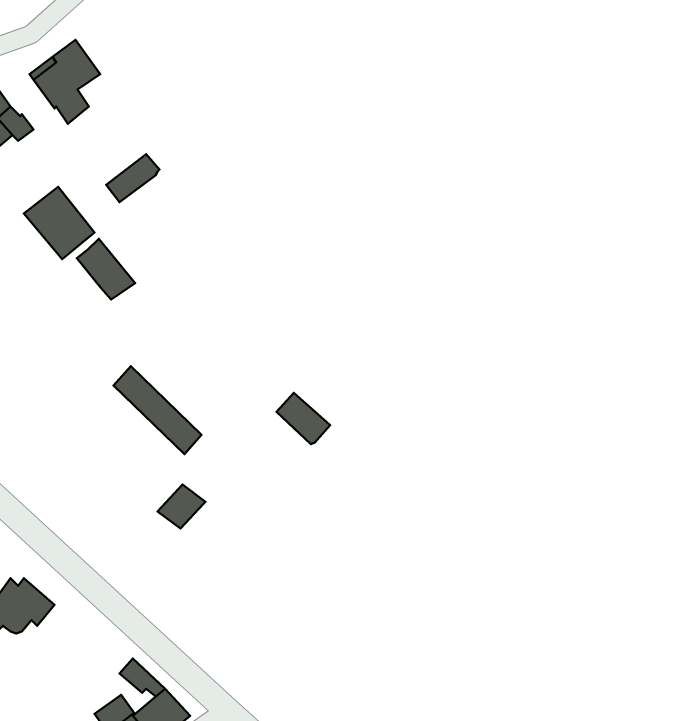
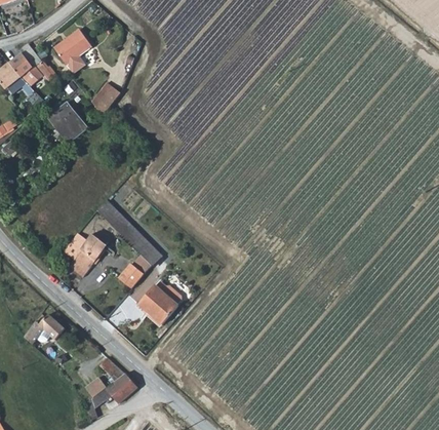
building: [77,239,135,300] -> none
building: [277,393,330,444] -> [133,236,162,264]
building: none -> [63,232,106,276]
building: none -> [136,282,178,322]

